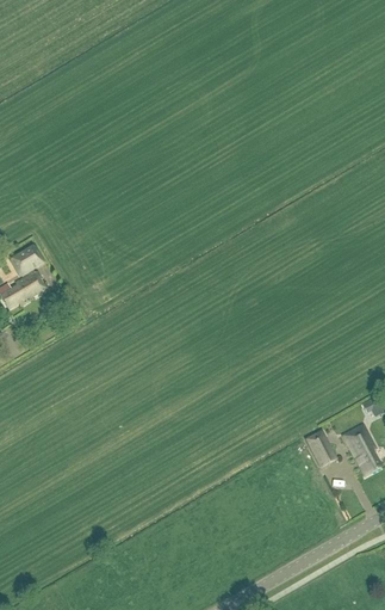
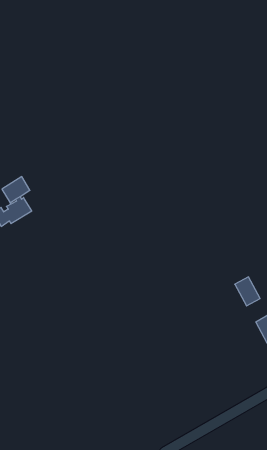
building: [304,429,337,467] -> [235,277,260,306]

